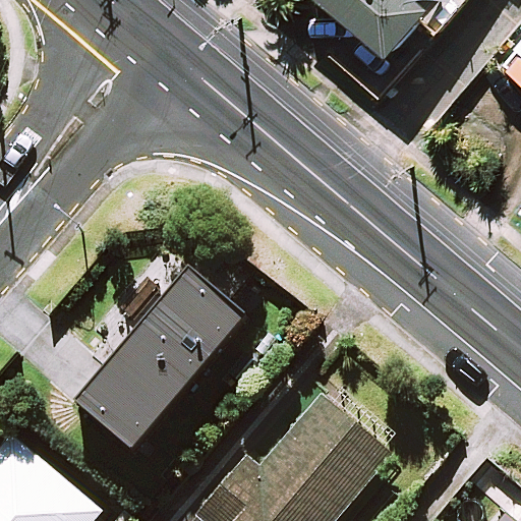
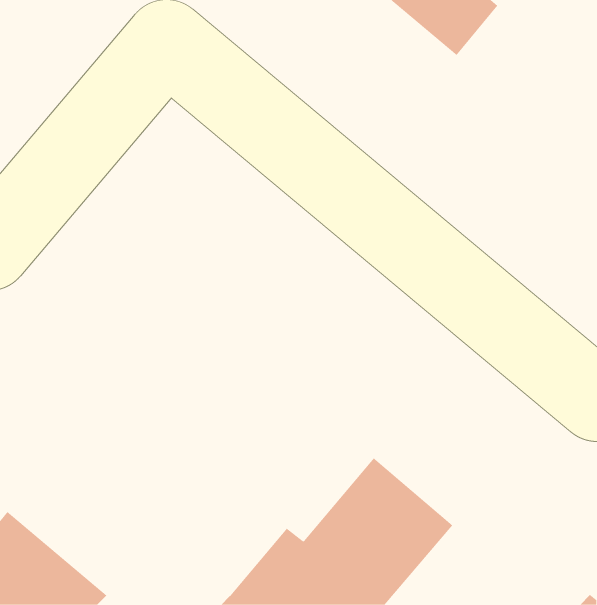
building: [72,283,239,461] -> none

